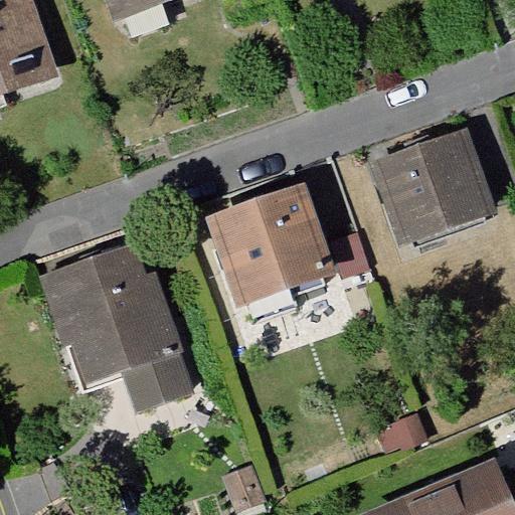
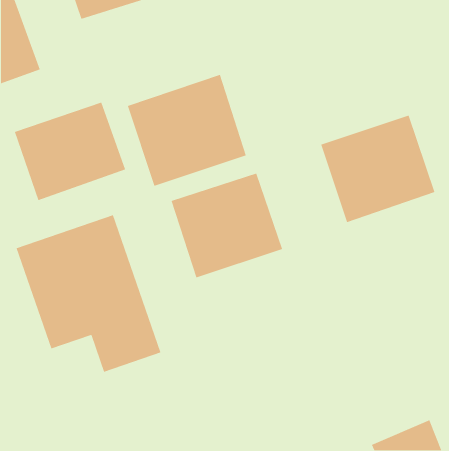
building: none -> [127,74,247,187]
building: none -> [14,101,126,201]

